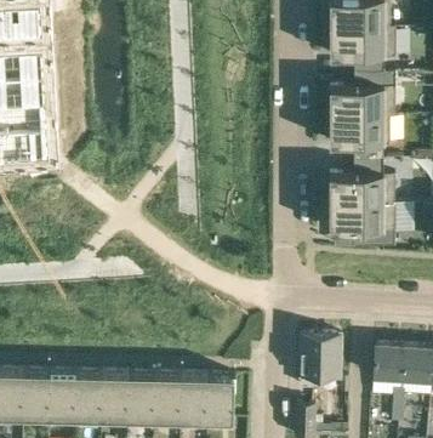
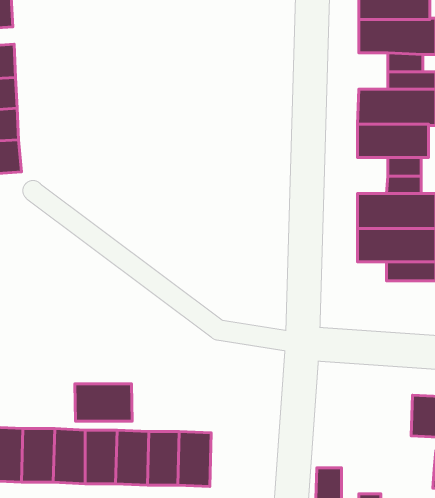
building: [300,334,340,388] -> none
building: none -> [75,384,132,421]
building: [205,375,233,421] -> none

